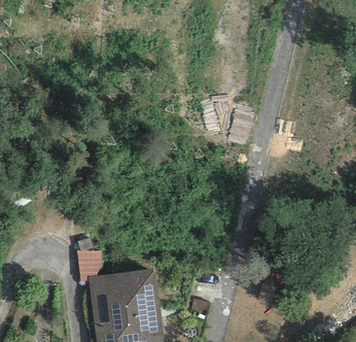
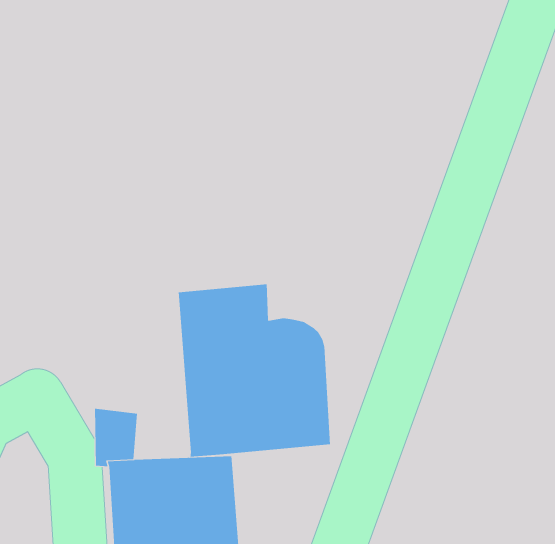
building: none -> [178,284,331,457]

